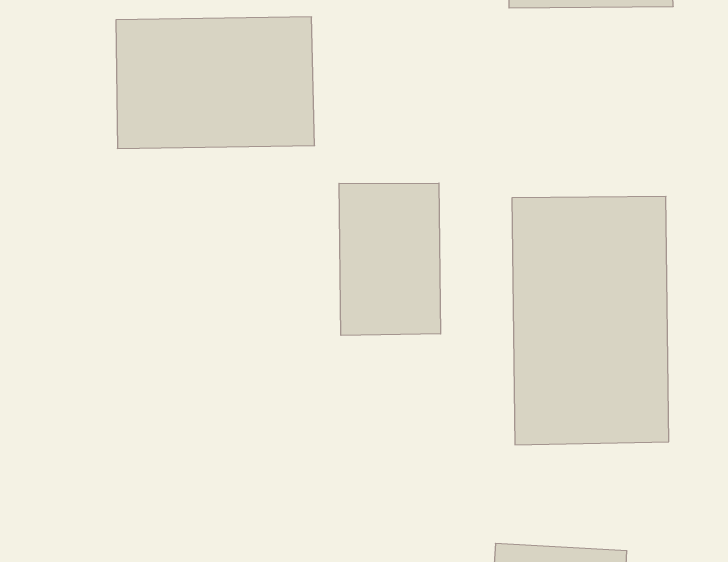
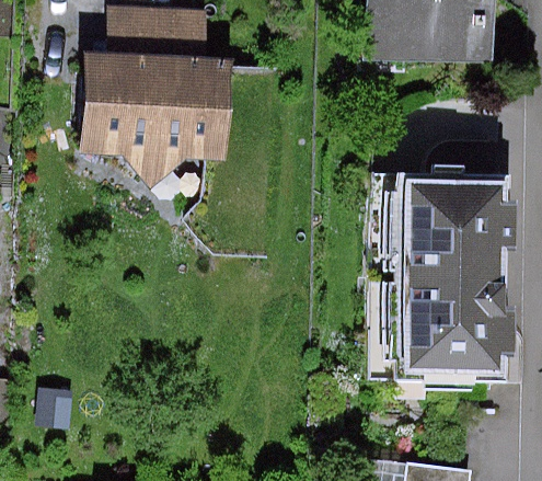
building: [339,183,441,335] -> none

